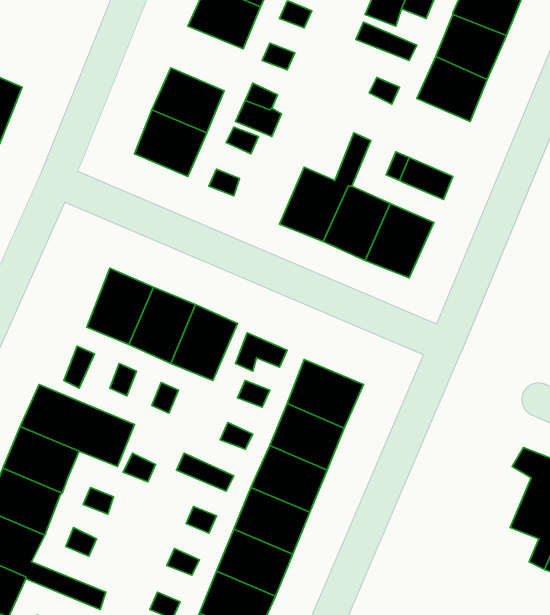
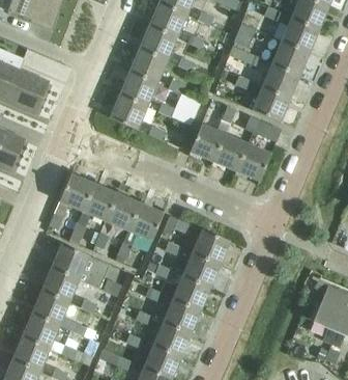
building: none -> [128,48,168,83]
building: none -> [253,87,291,123]
building: none -> [49,170,95,229]

